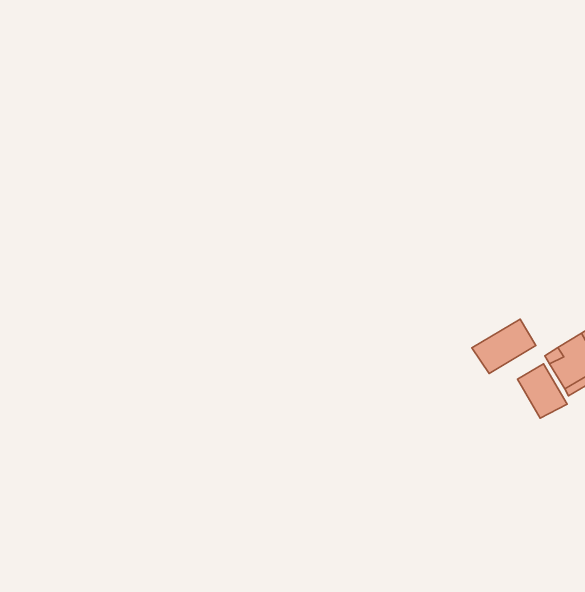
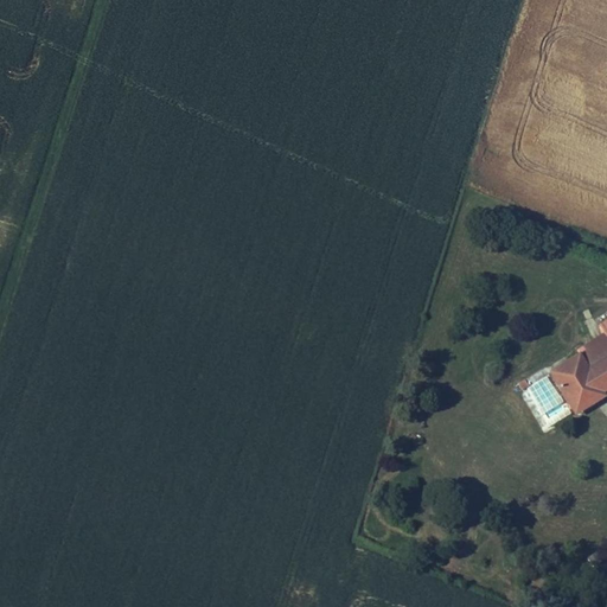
building: [472,319,536,373] -> none

